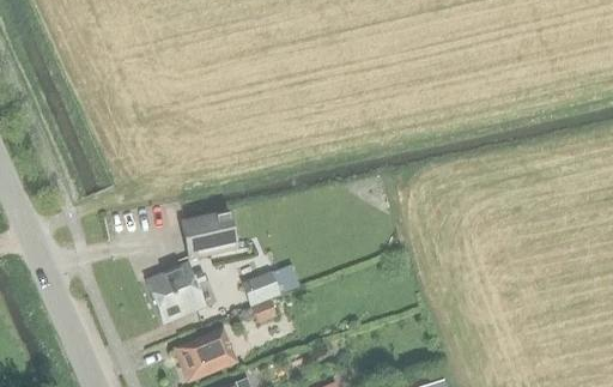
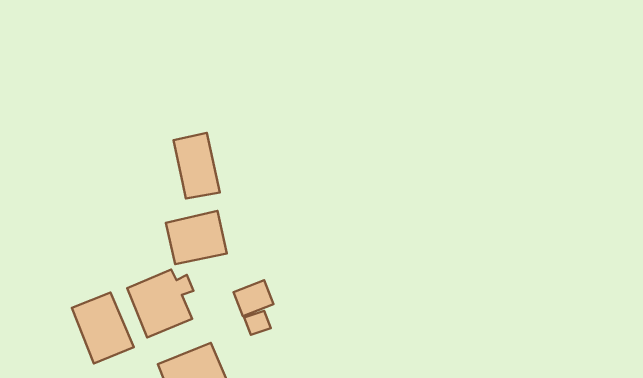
building: none -> [173,133,220,198]
building: none -> [72,292,134,364]

